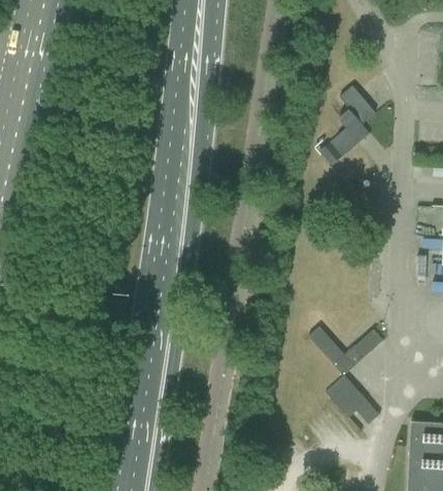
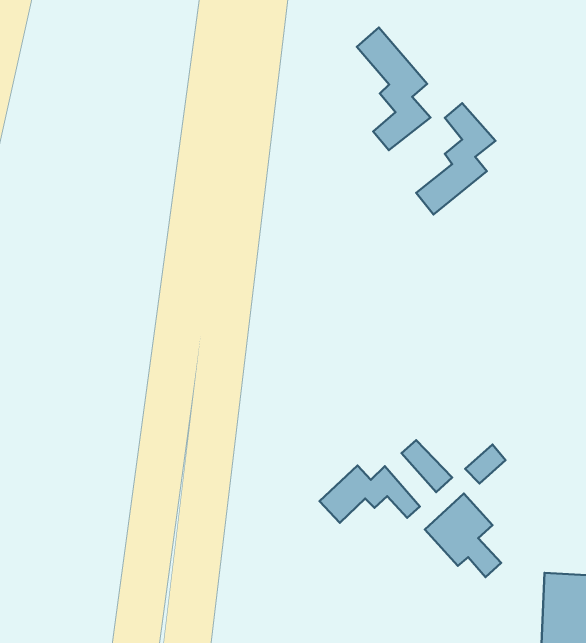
building: none -> [357,28,431,150]
building: none -> [320,465,420,523]

